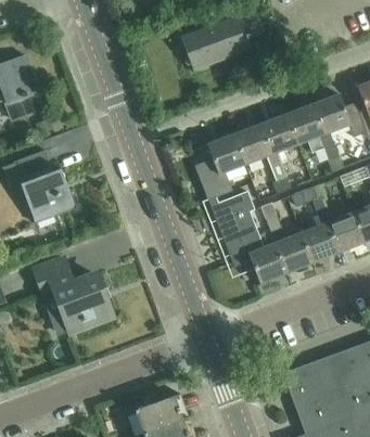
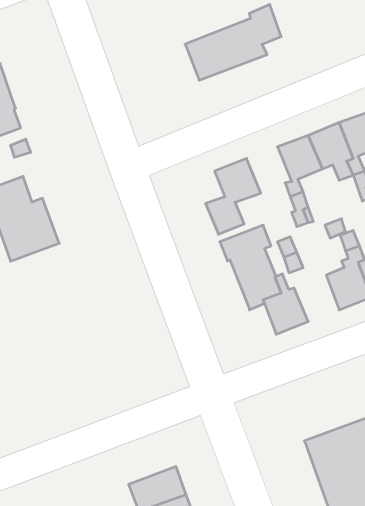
building: [233,125,271,164] -> none
building: [273,233,311,272] -> none
building: [34,258,112,336] -> none

